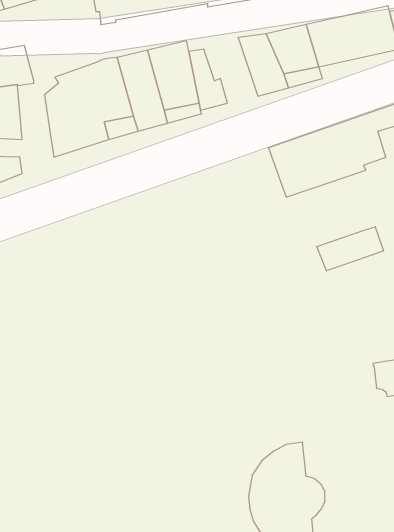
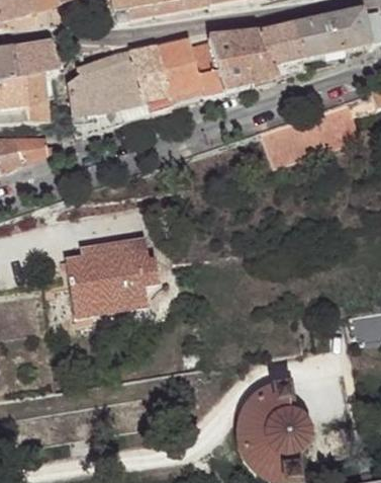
building: none -> [203,34,250,91]
building: [317,227,384,271] -> none
building: none -> [65,235,168,329]

